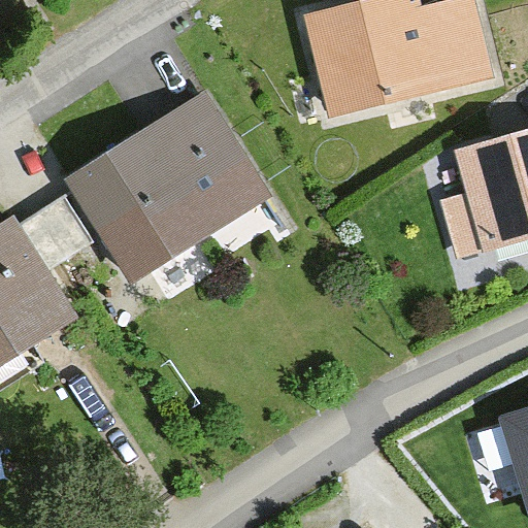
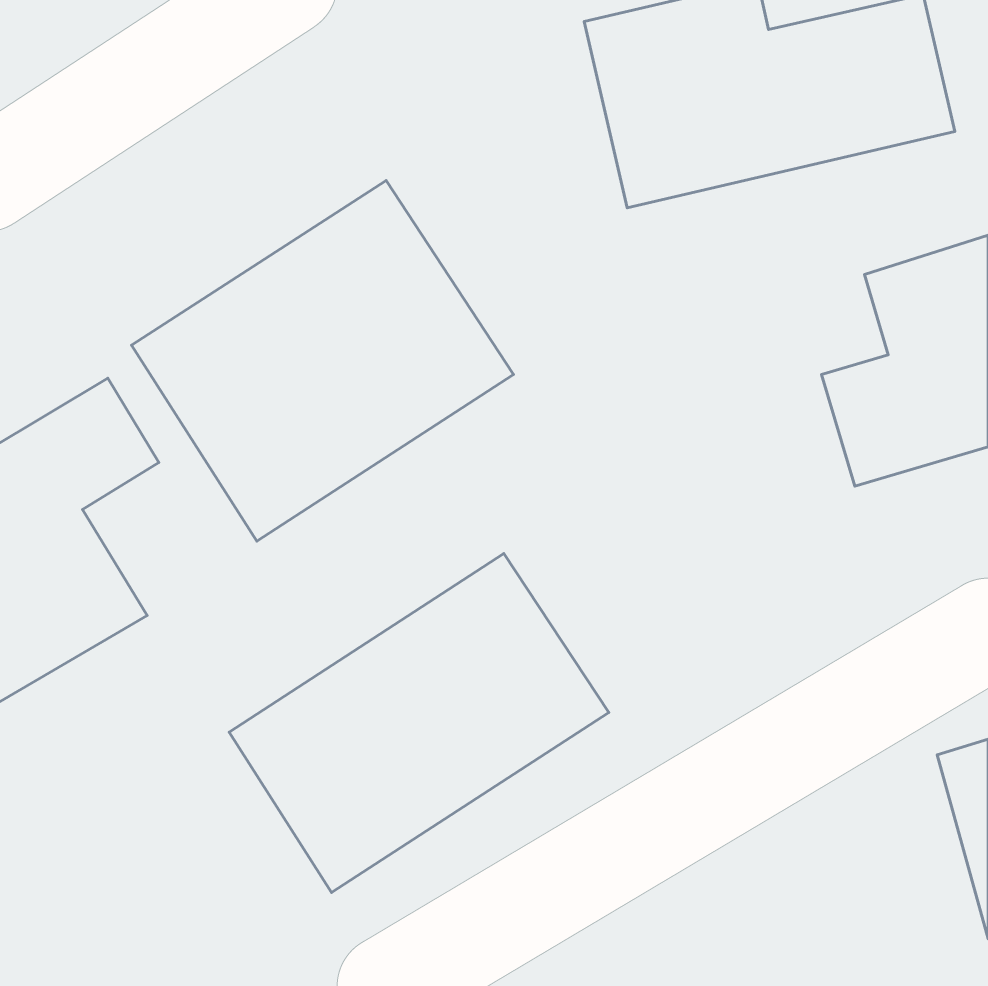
building: none -> [229,553,609,893]

